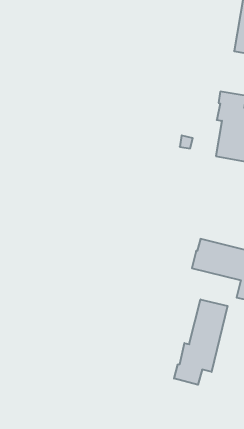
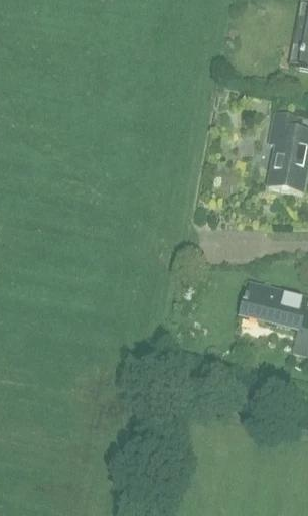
building: [174,299,228,385] -> none

